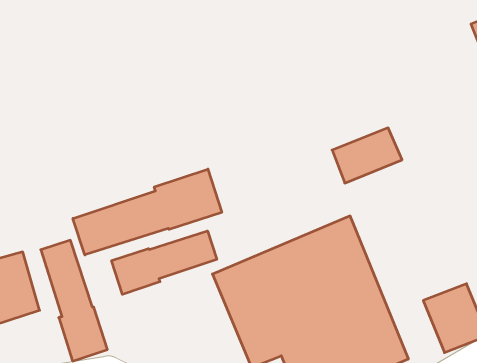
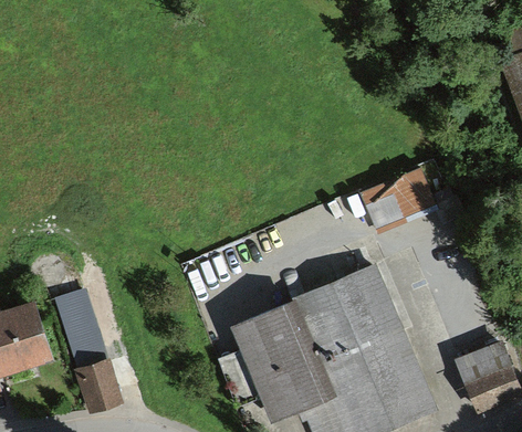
building: [73,169,222,255] -> none
building: [112,231,217,294] -> none

